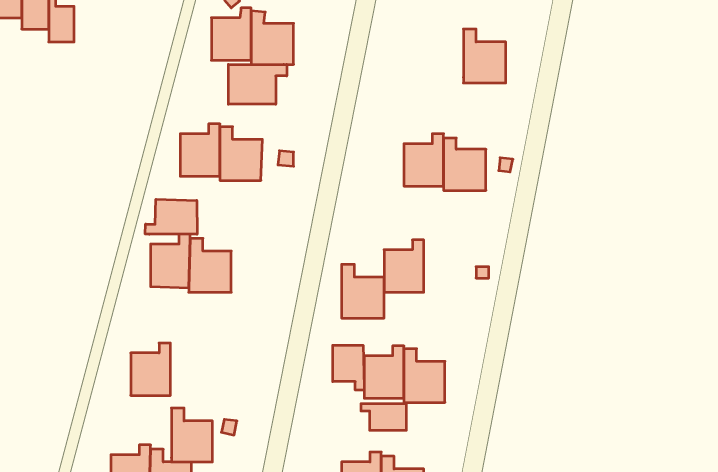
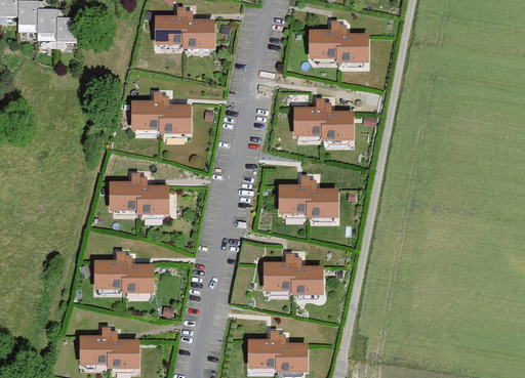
building: none -> [54,10,75,42]
building: none -> [308,22,336,59]
building: [228,64,287,104] -> none
building: [145,199,197,234] -> none
building: [342,264,384,318] -> [308,179,338,218]
building: [333,345,364,390] -> none
building: [361,404,406,430] -> none
building: [171,408,212,462] -> [124,254,154,293]

